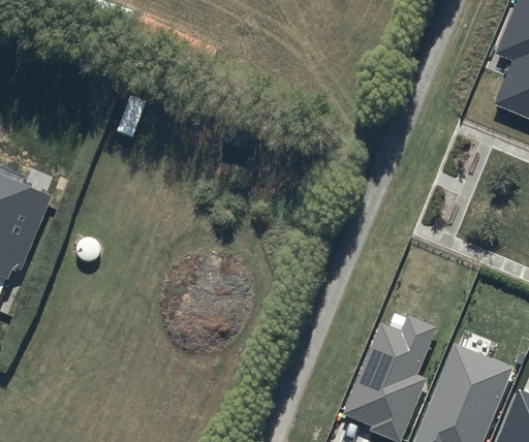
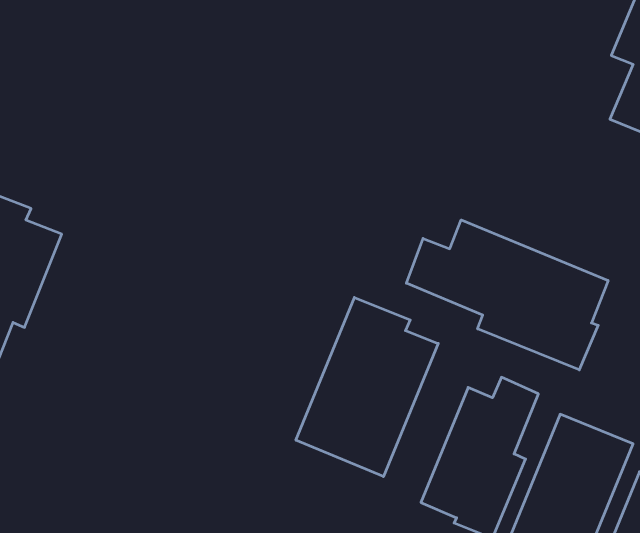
building: none -> [406,220,608,370]
building: none -> [296,297,438,477]

